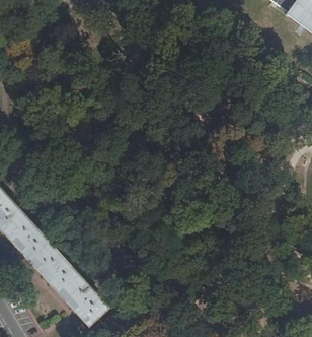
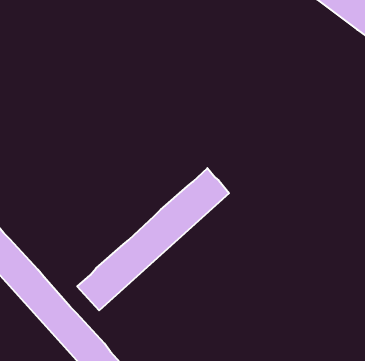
building: none -> [77,168,229,310]

